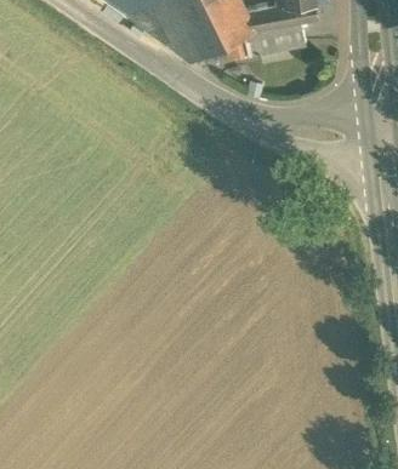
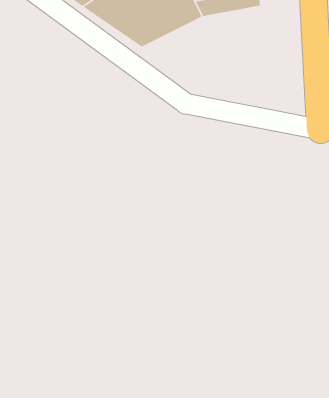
building: [244,17,306,51] -> none

